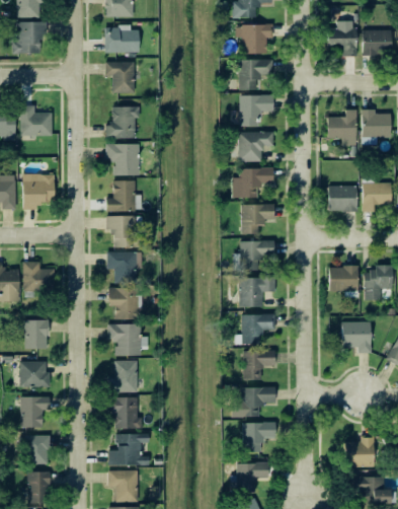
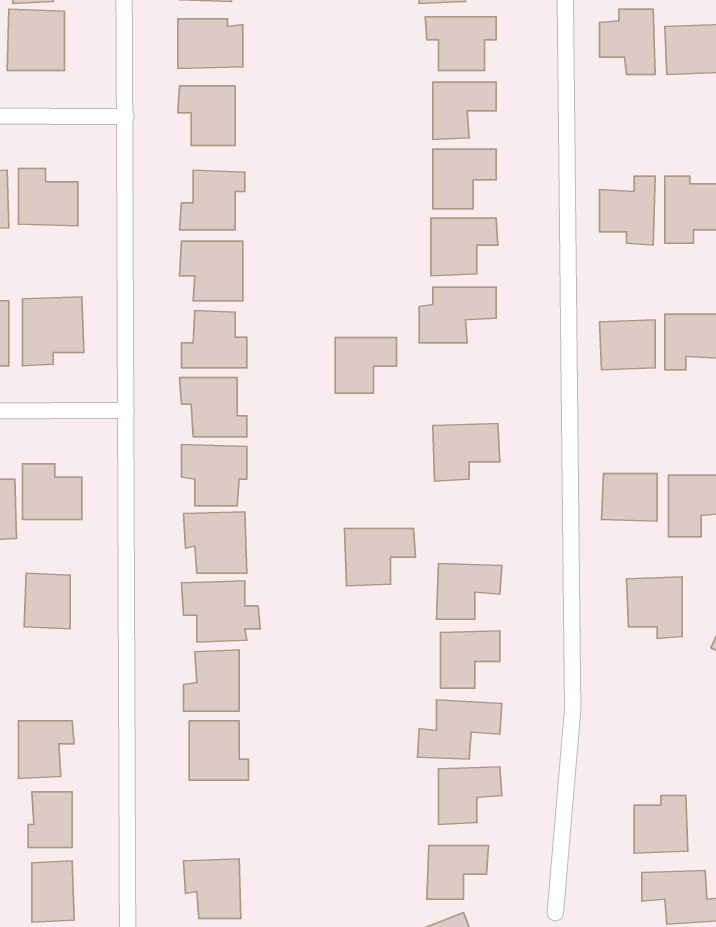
building: [241,205,273,234] -> [335,338,397,393]
building: [238,277,275,307] -> [345,528,415,586]
building: [19,361,50,387] -> none
building: [108,434,149,465] -> none

